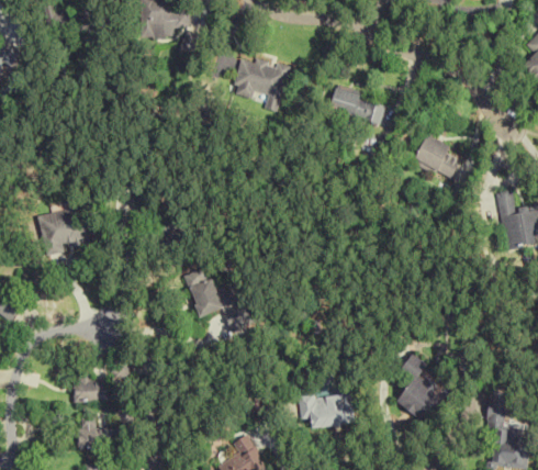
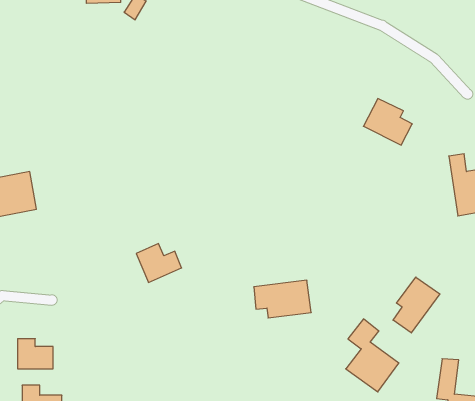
building: [229,56,287,112] -> none
building: [329,89,385,124] -> none
building: none -> [393,277,440,333]
building: [296,391,354,428] -> [254,280,311,318]

